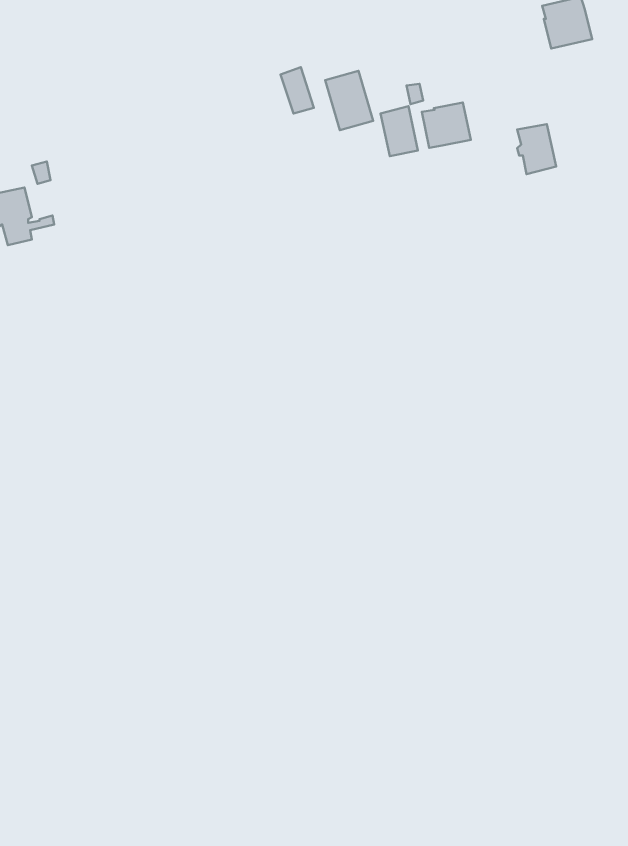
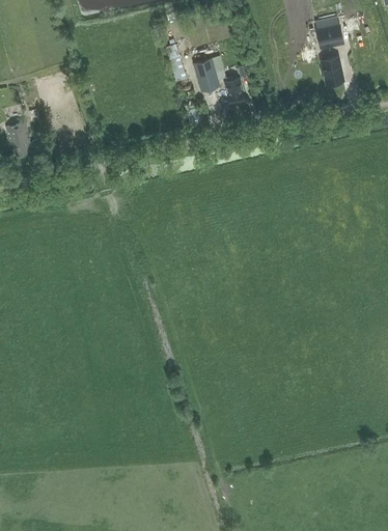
building: [422,103,471,148] -> none
building: [517,124,556,174] -> [322,58,343,86]

